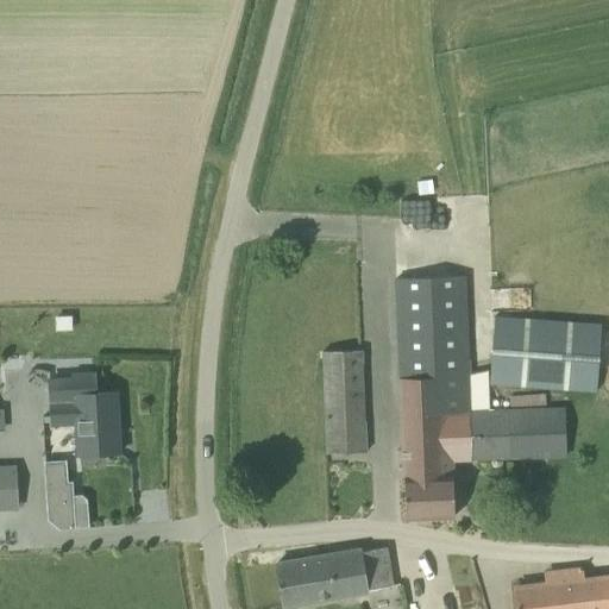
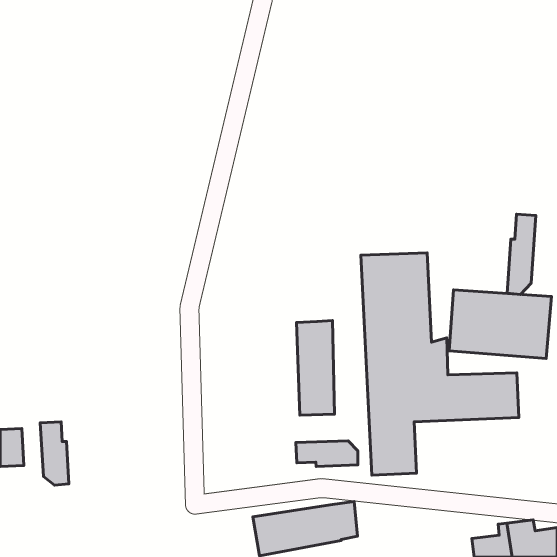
building: none -> [507,214,536,294]
building: [49,373,120,467] -> none
building: none -> [296,441,358,467]

